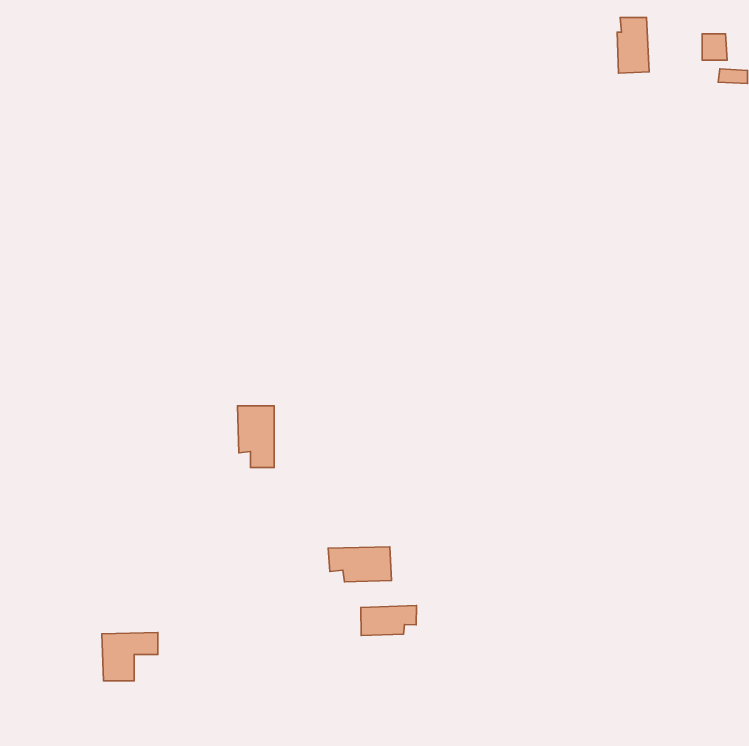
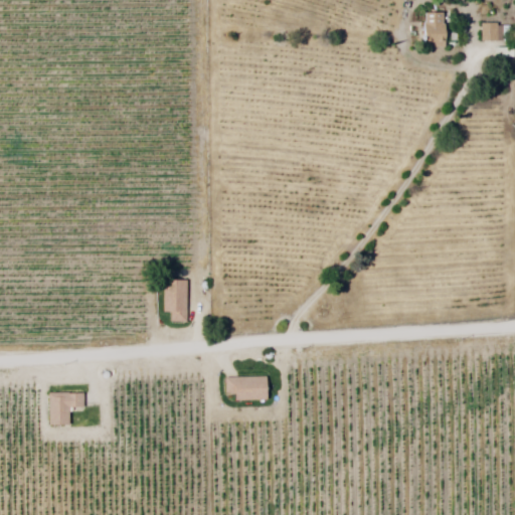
building: [361,606,416,635] -> none
building: [102,633,158,681] -> [47,391,85,424]

